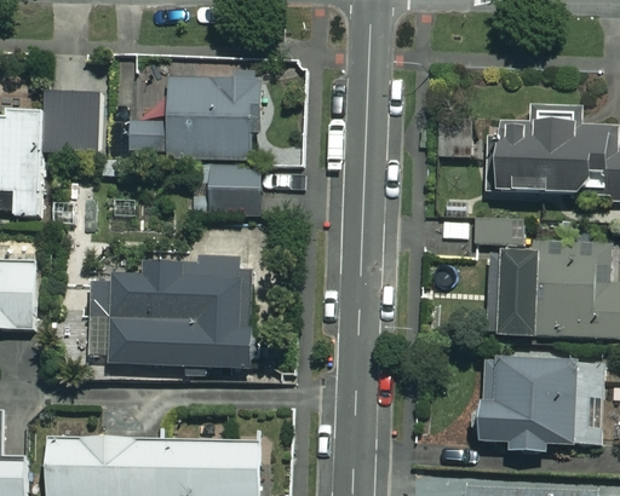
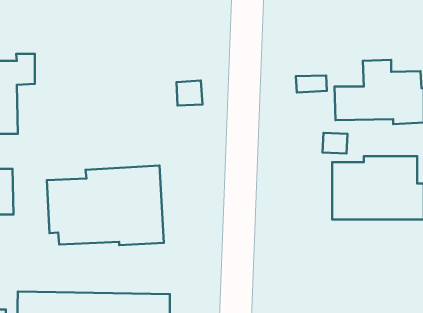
building: [128,74,259,209] -> none
building: [476,361,605,452] -> none

